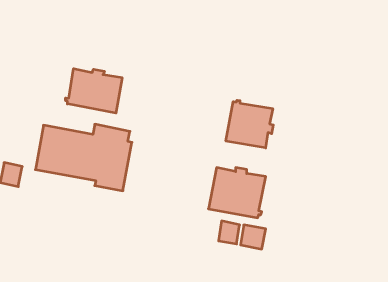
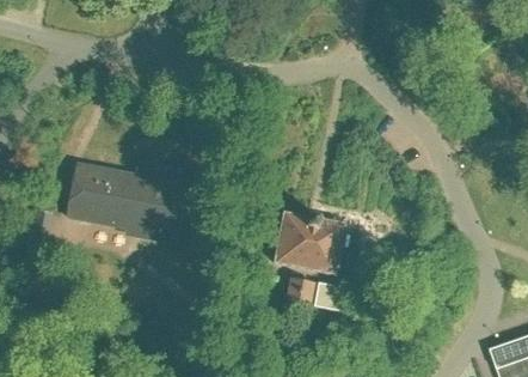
building: [66,69,122,113] -> none
building: [226,100,273,148] -> none

